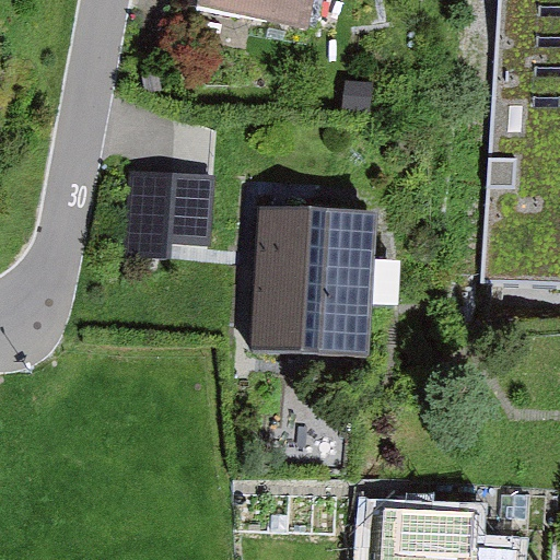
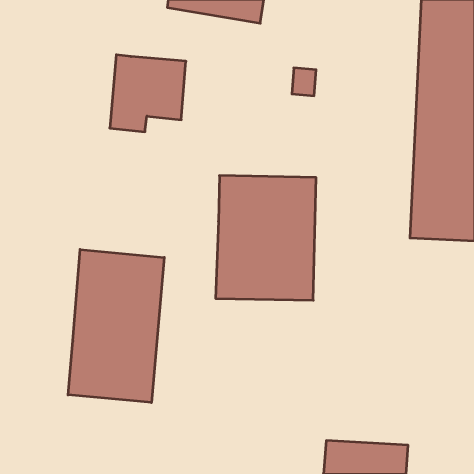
building: [128,170,218,260] -> [110,55,186,132]
building: none -> [68,249,164,403]

